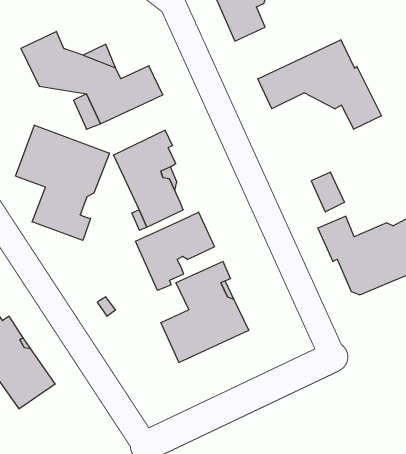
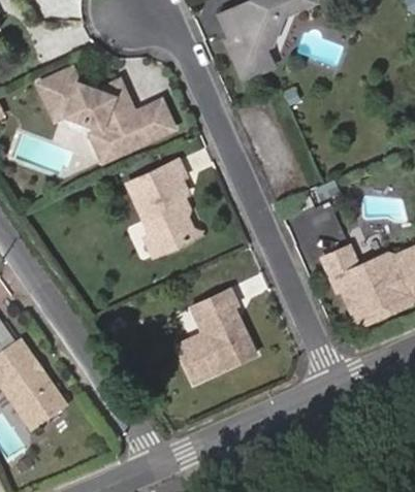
building: [258,40,382,129] -> none
building: [15,125,109,240] -> none
building: [136,212,214,290] -> none

